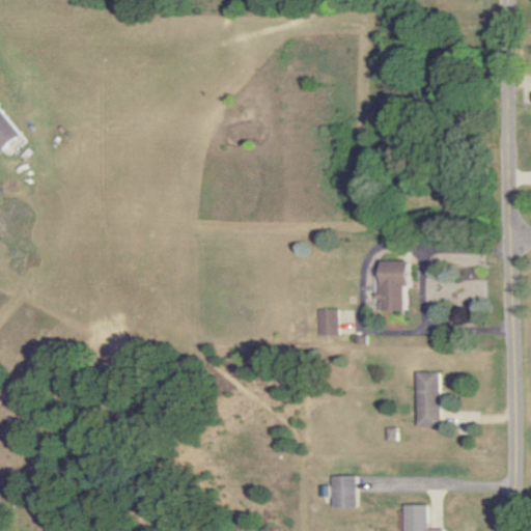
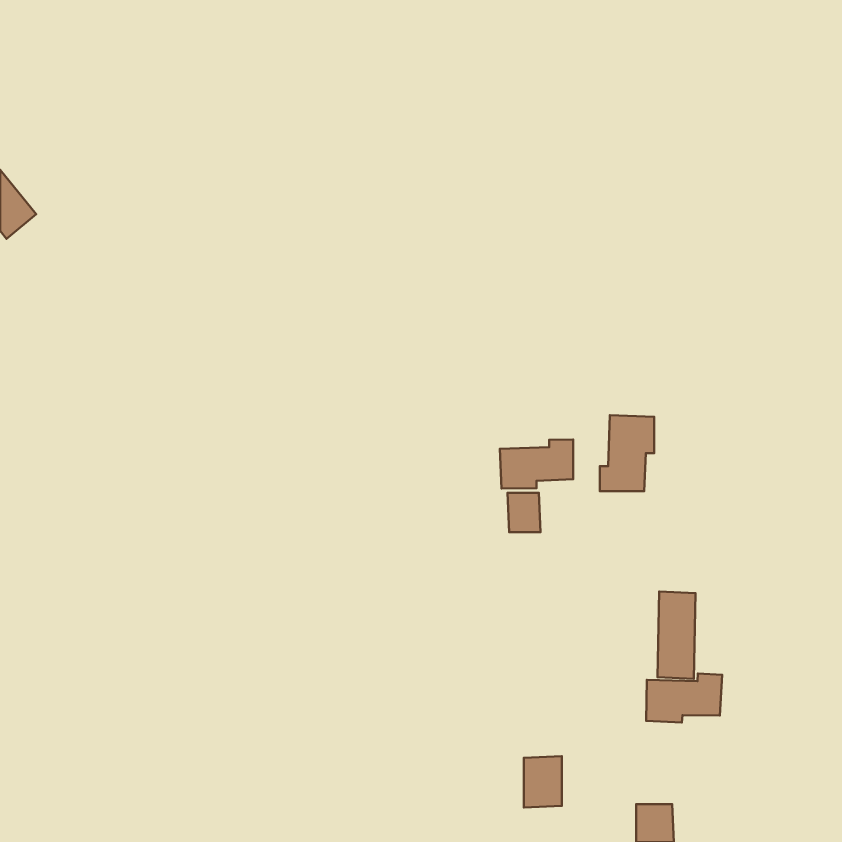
building: none -> [500,440,573,488]
building: none -> [646,674,722,723]

